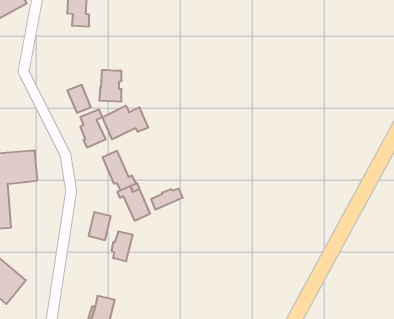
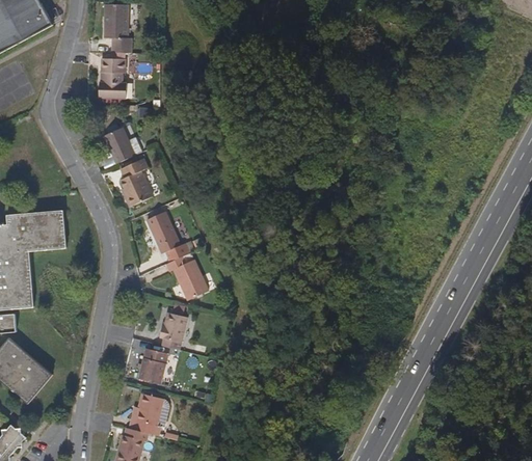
building: [99,70,122,101] -> [97,59,125,99]
building: [102,106,148,140] -> none
building: [151,189,183,210] -> none
building: [89,212,111,240] -> [138,348,166,383]

